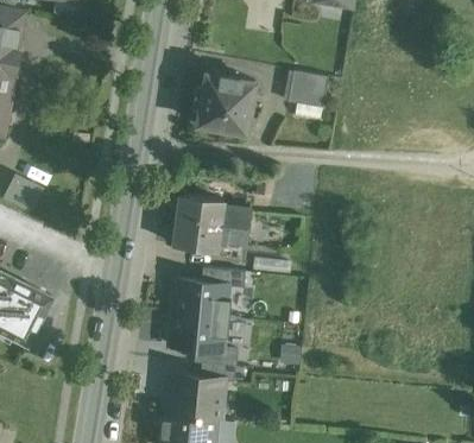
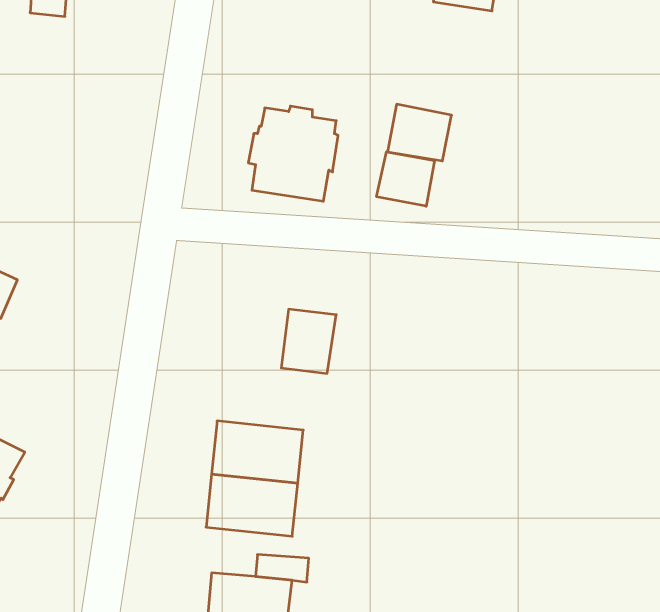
building: none -> [377,152,434,206]
building: [175,195,223,249] -> none

